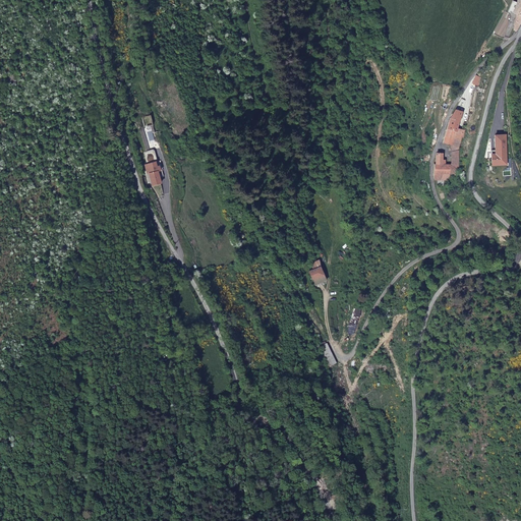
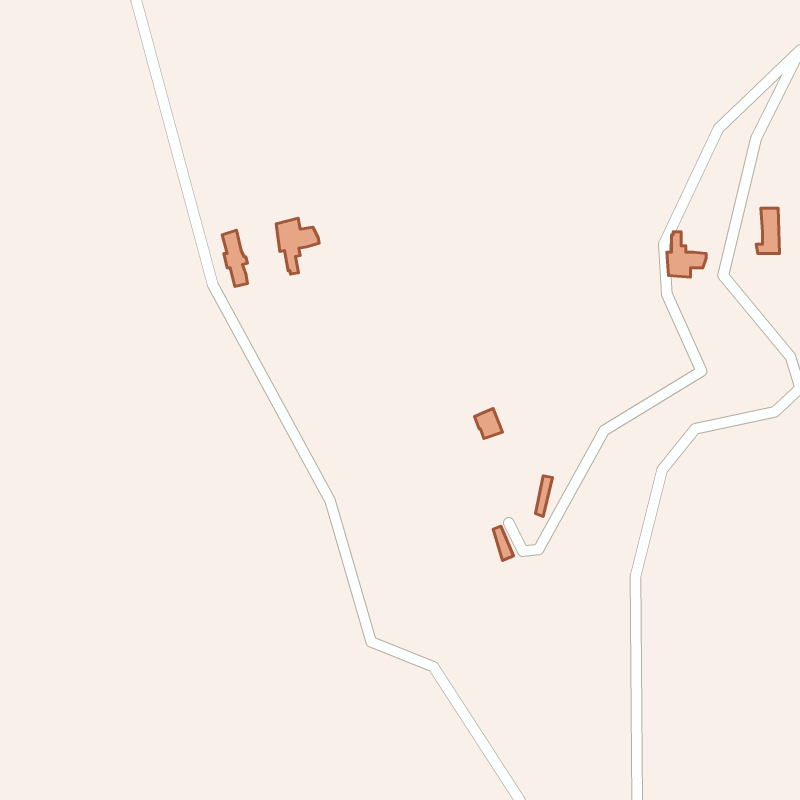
building: [443,110,464,148] -> none
building: none -> [276,218,319,274]

